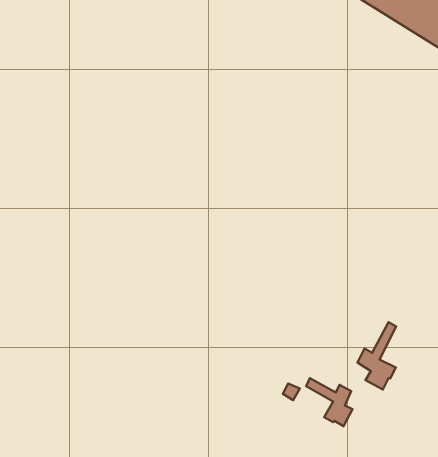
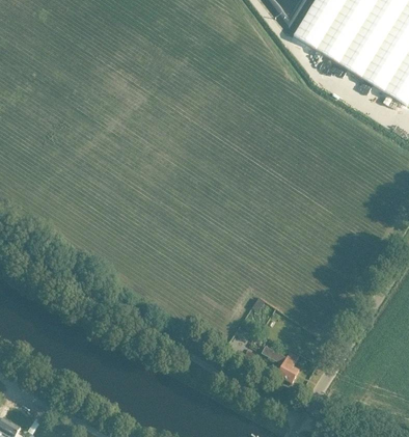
building: [357,322,396,389] -> none

